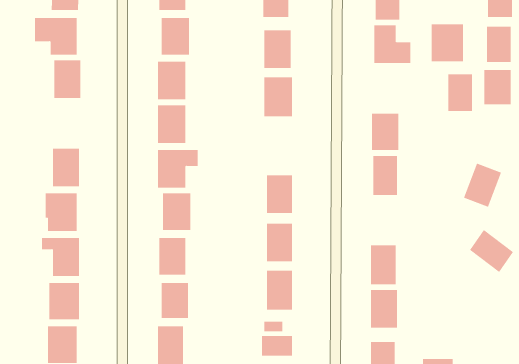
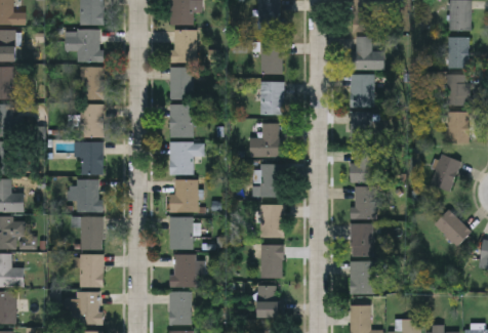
building: [431,23,464,62] -> none
building: none -> [350,75,374,107]
building: [448,74,473,111] -> [448,112,470,143]
building: none -> [80,105,104,137]
building: none -> [251,123,284,157]
building: none -> [354,186,377,219]

